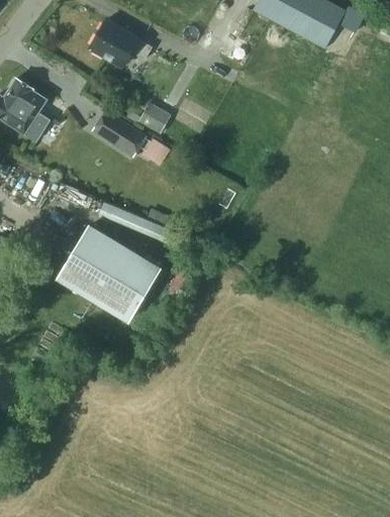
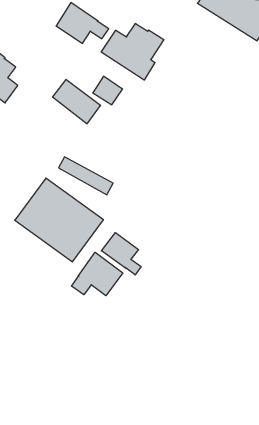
building: none -> [101,23,164,80]
building: none -> [101,233,141,275]
building: none -> [72,252,123,296]

